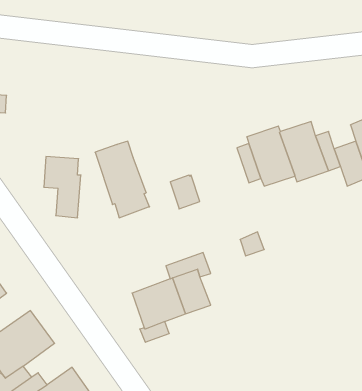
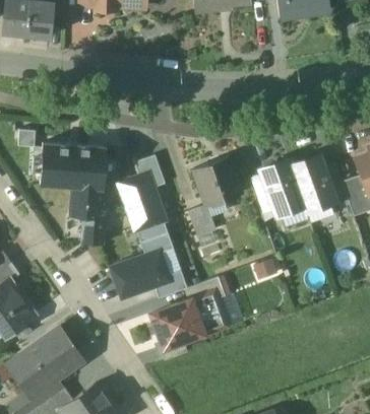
building: none -> [41,143,106,190]
building: none -> [133,156,165,189]
building: none -> [193,162,241,206]
building: none -> [111,234,174,298]

